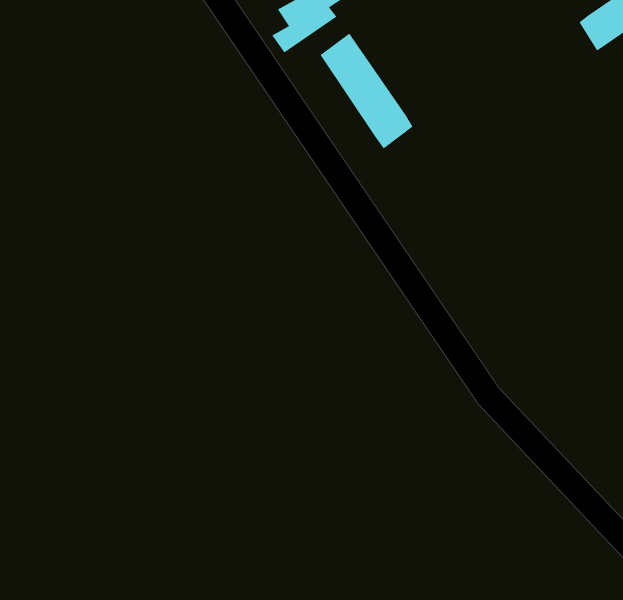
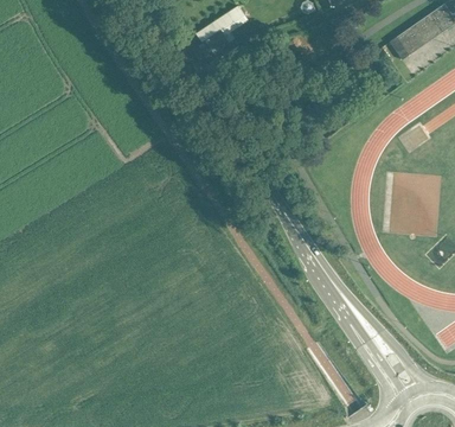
building: [319,32,413,149] -> none

